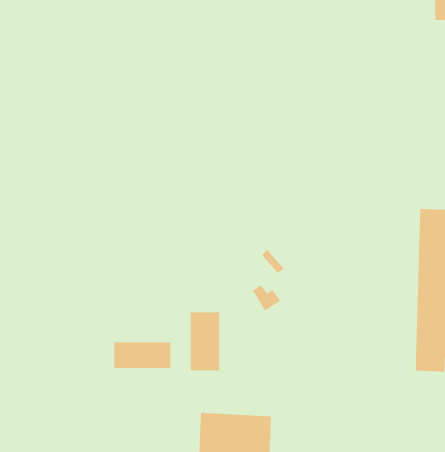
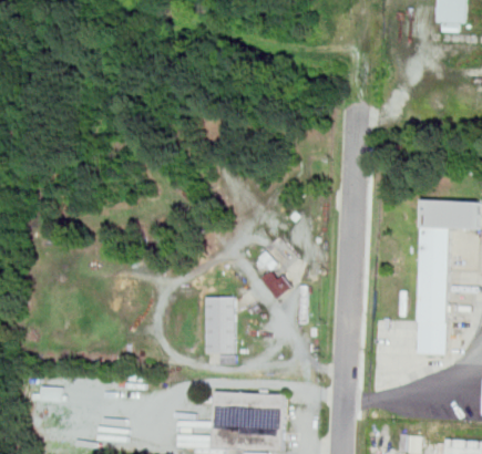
building: [114,342,171,369] -> none

